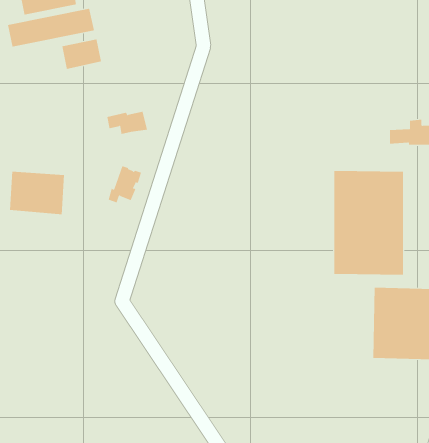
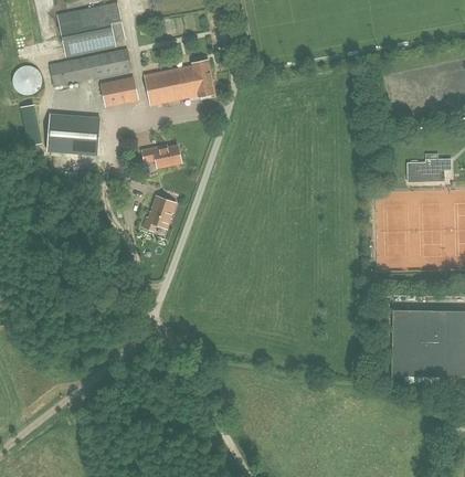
building: none -> [145,60,214,104]
building: [334,170,403,276] -> none
building: [9,171,65,215] -> [47,114,99,155]

